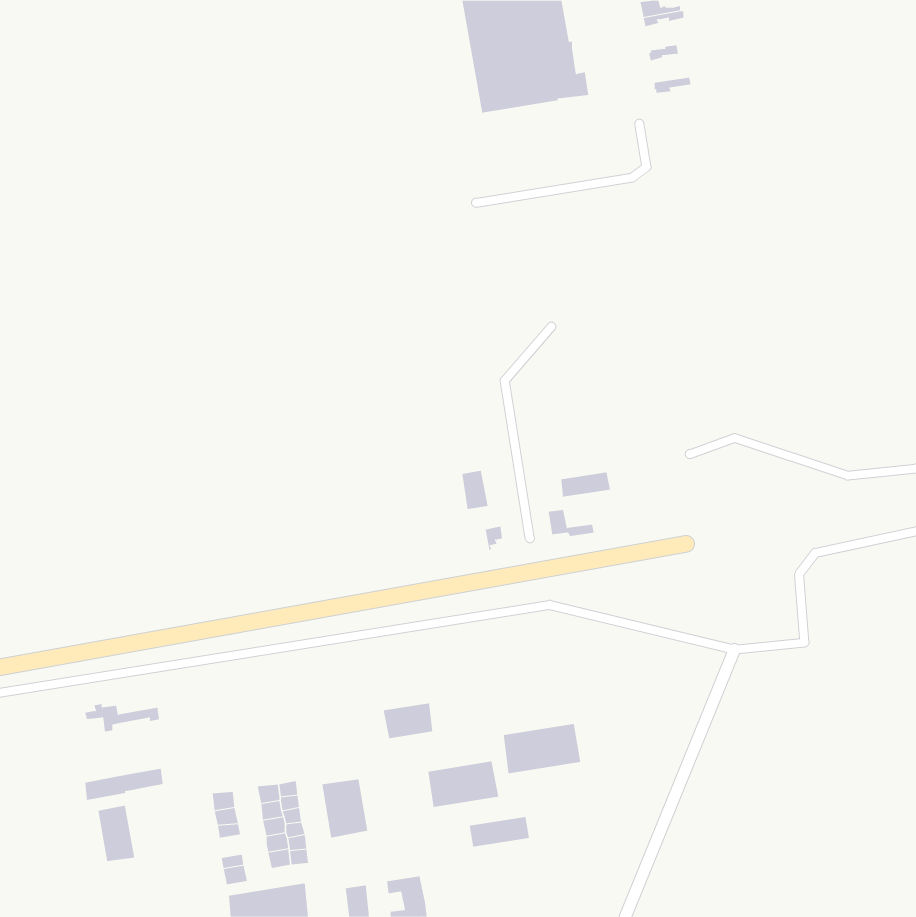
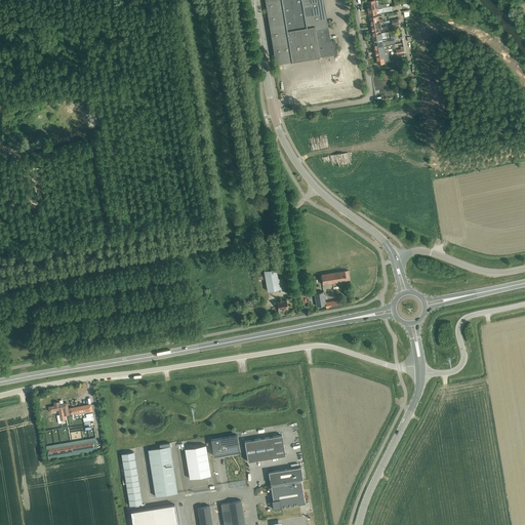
building: [383,703,433,739] -> [210,435,239,455]
building: [503,723,581,774] -> none
building: [98,805,135,862] -> none
building: none -> [270,481,305,510]

